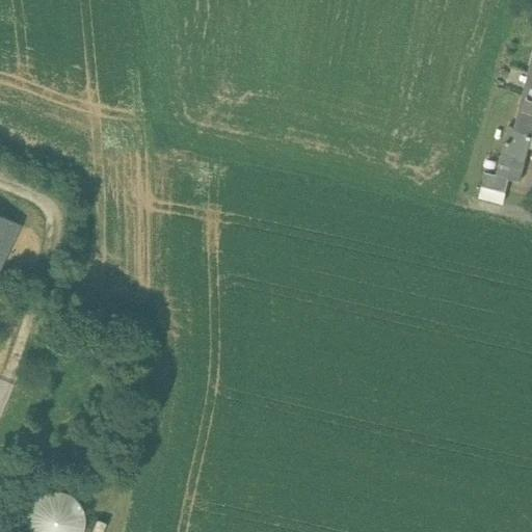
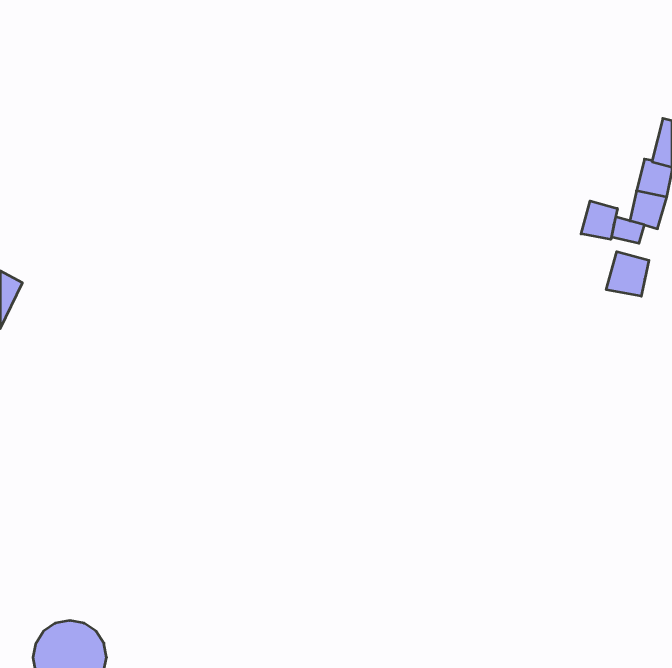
building: none -> [581,201,617,239]
building: none -> [606,252,649,296]

